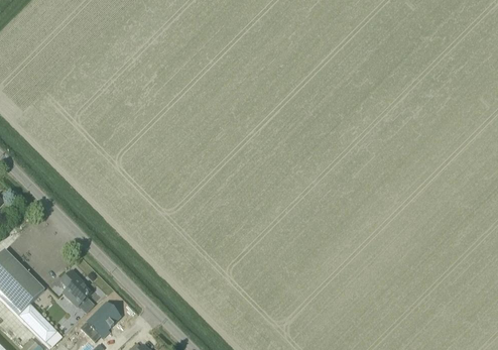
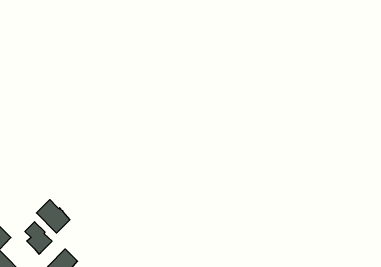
building: none -> [36,200,70,233]

